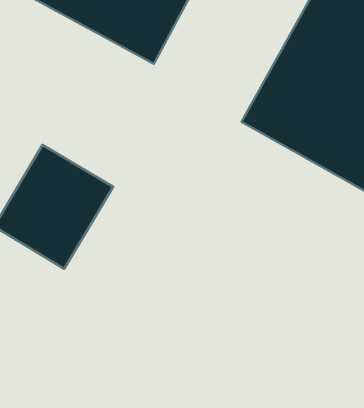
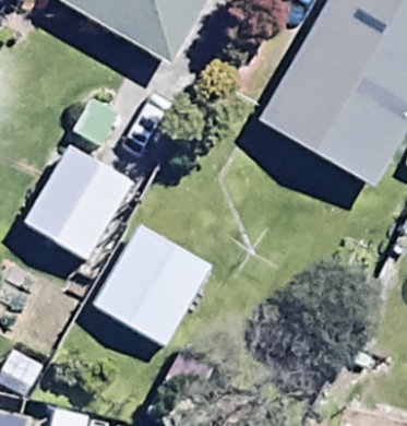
building: none -> [93,222,214,347]

